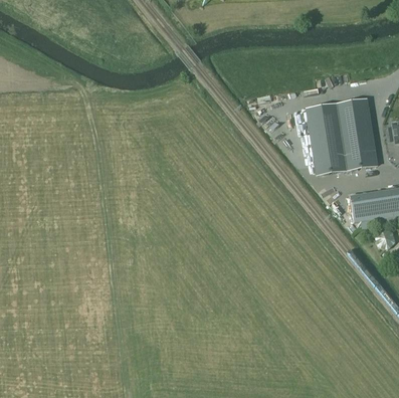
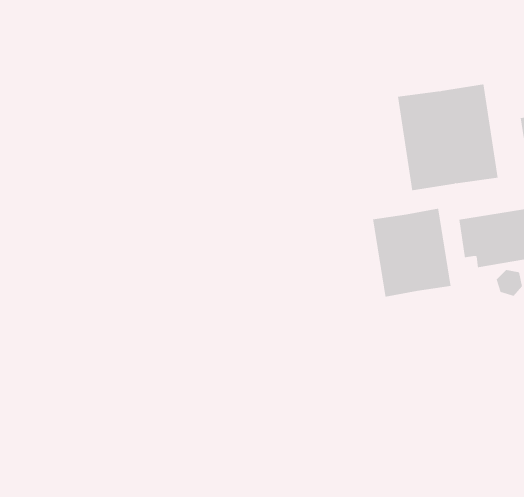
building: none -> [372,208,451,297]

